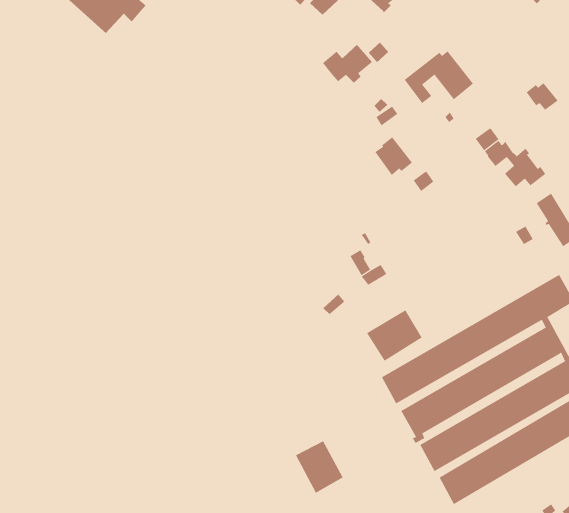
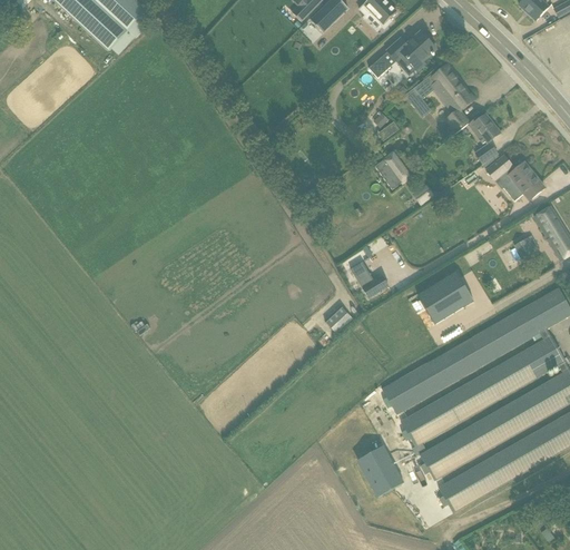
building: [322,44,373,83] -> [386,30,436,69]
building: [526,82,558,111] -> [468,114,500,141]
building: [366,309,423,361] -> [417,271,473,322]
building: [295,440,344,493] -> [356,444,404,497]

